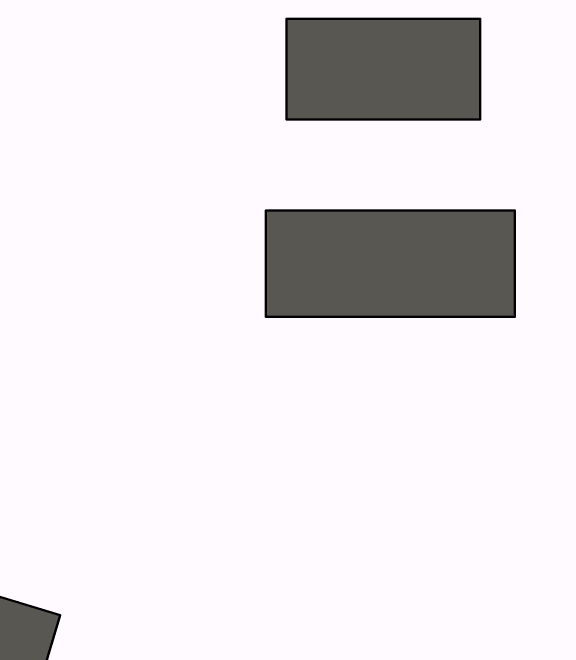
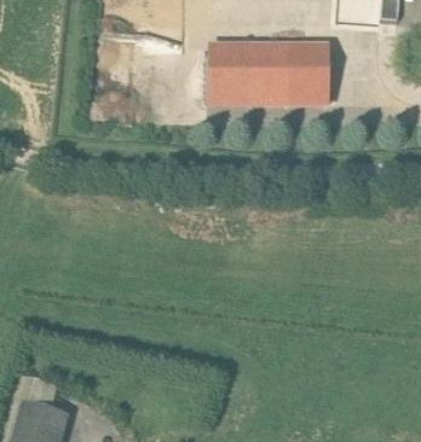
building: [266,211,515,317] -> none

